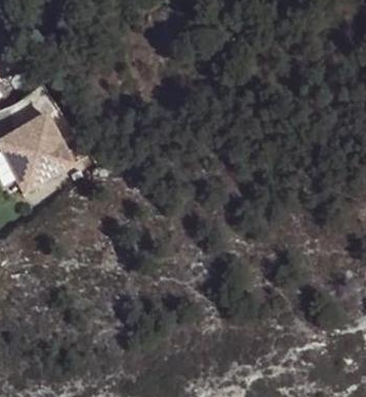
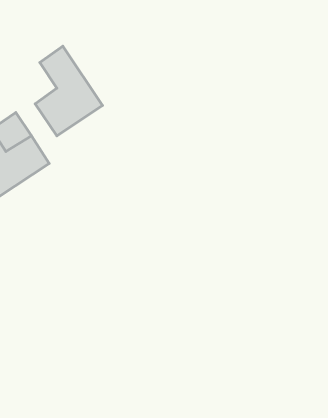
building: none -> [35,46,103,136]

